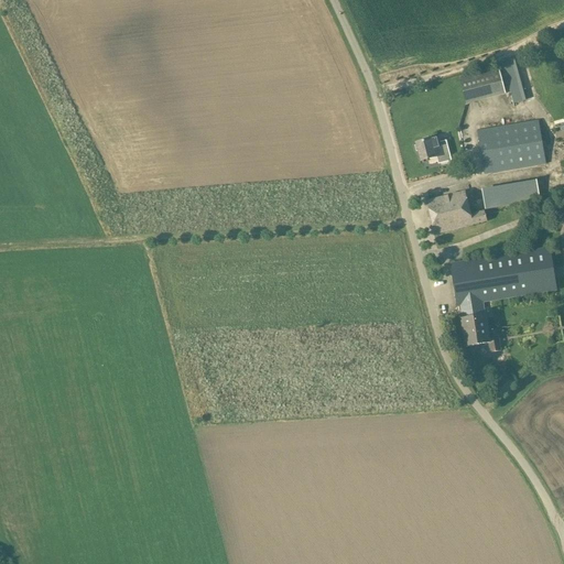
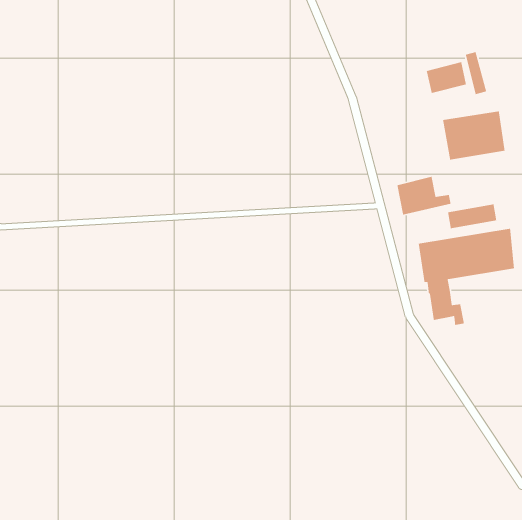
building: [416,135,451,161] -> none
building: [481,180,535,207] -> [447,204,497,229]

